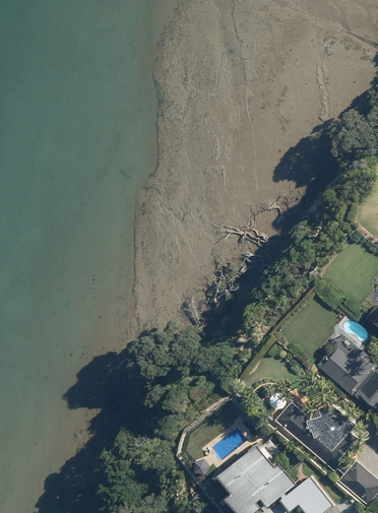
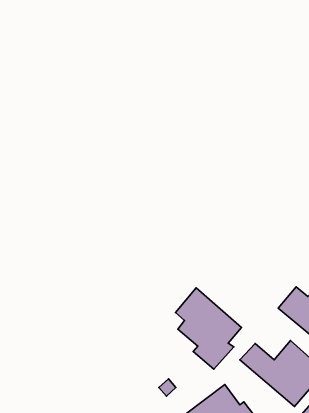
building: none -> [175,288,242,369]

